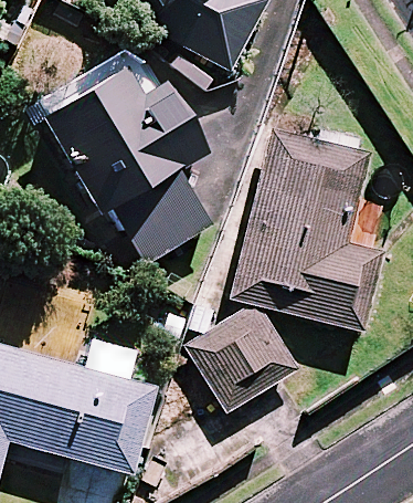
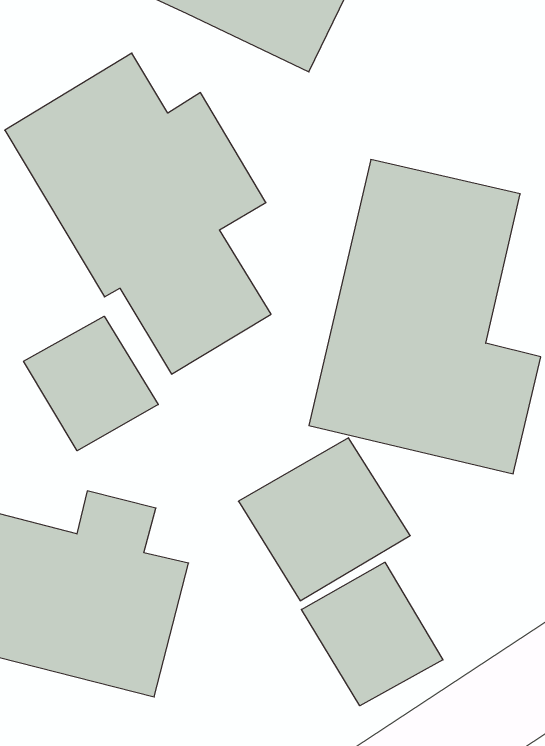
building: none -> [24,316,158,451]
building: none -> [301,562,443,706]

